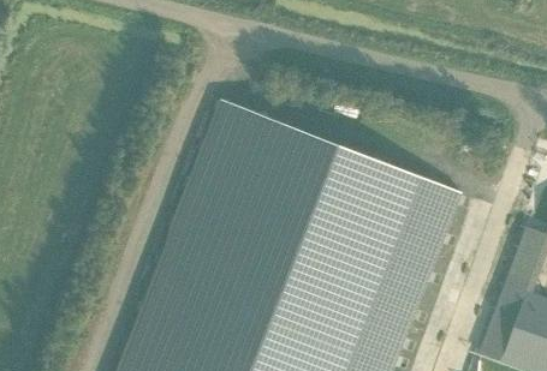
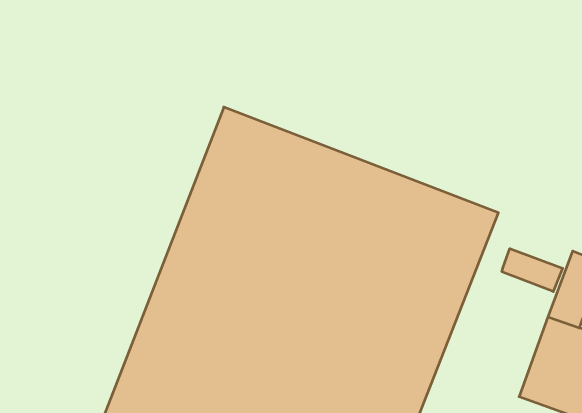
building: none -> [502,249,563,292]

